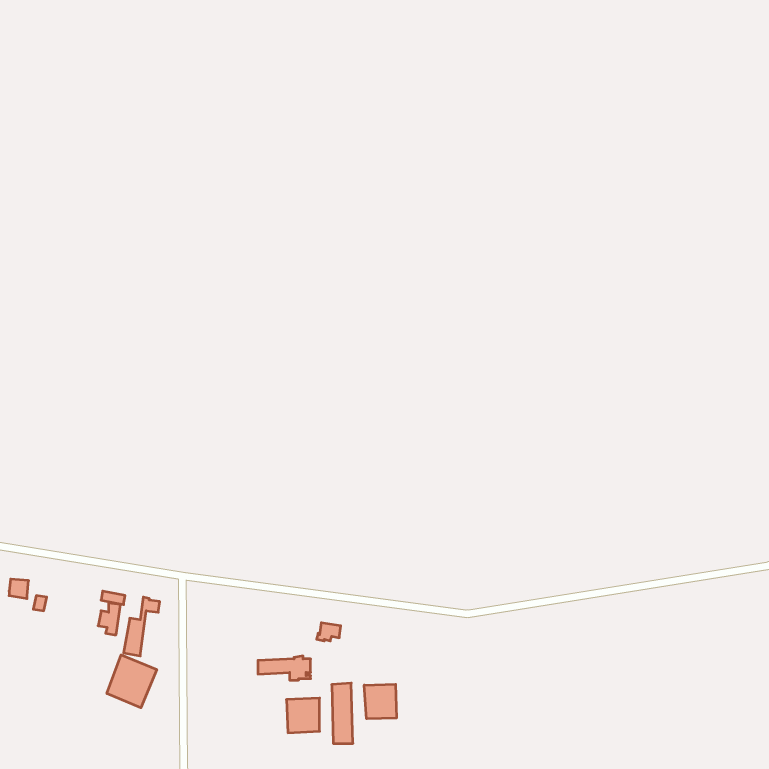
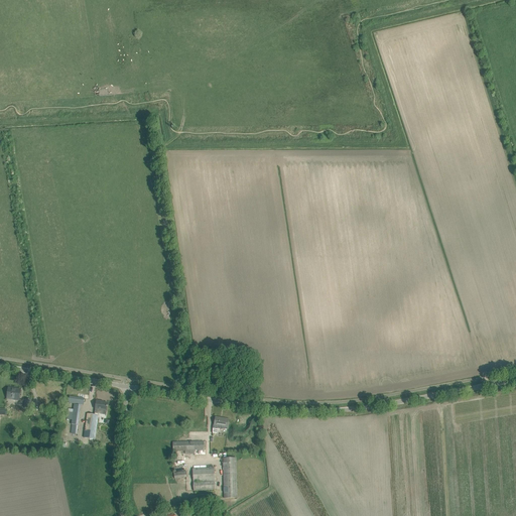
building: [107,655,157,708] -> none
building: [364,684,396,719] -> none

